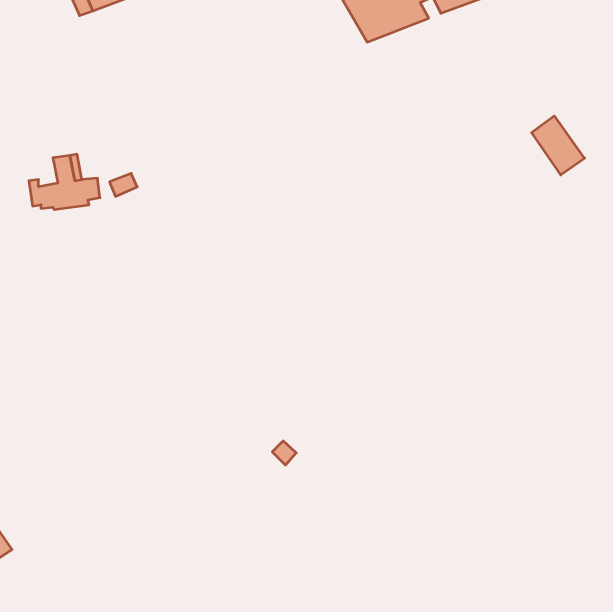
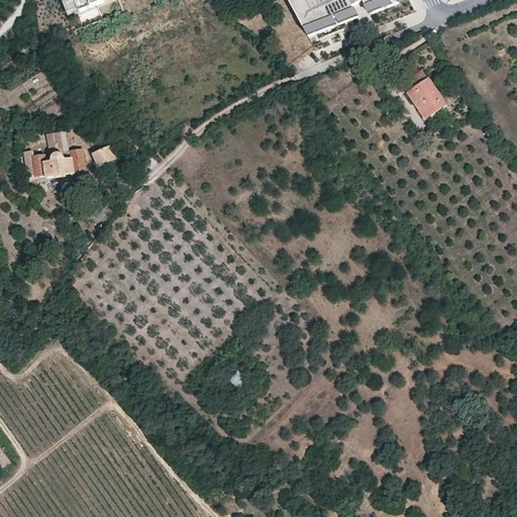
building: [532,116,585,175] -> [401,68,445,117]

